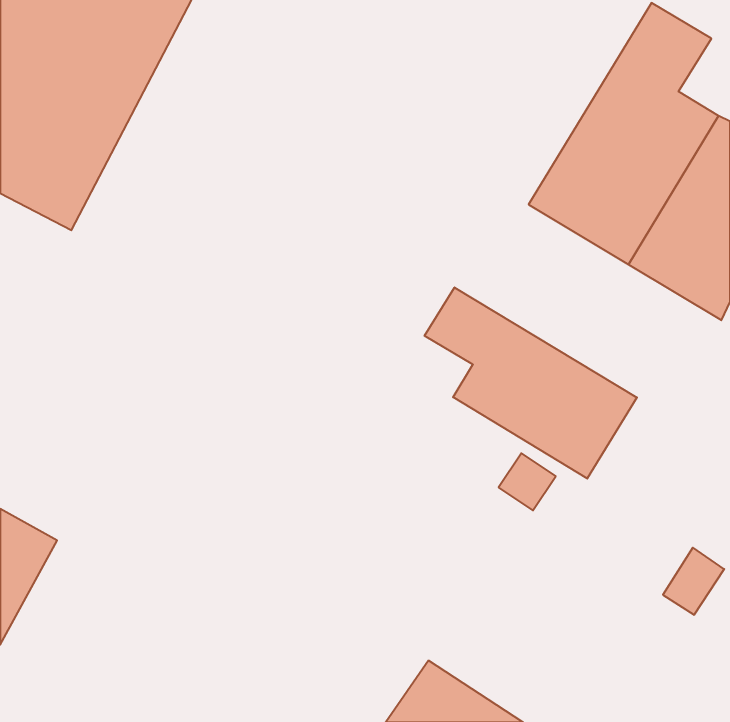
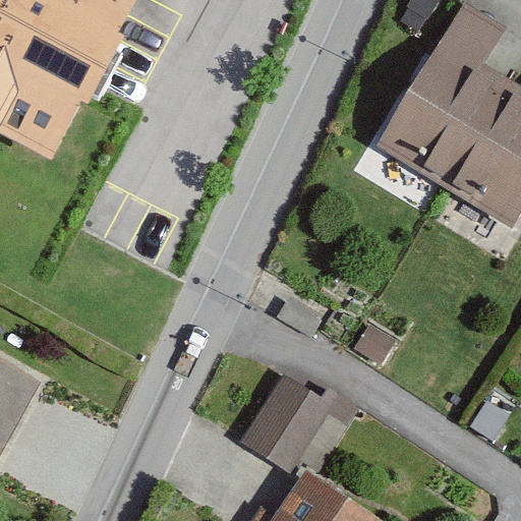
building: [425,287,637,479] -> none
building: none -> [238,370,359,471]

